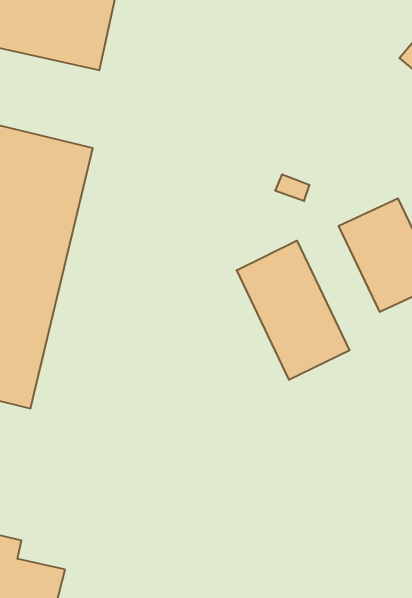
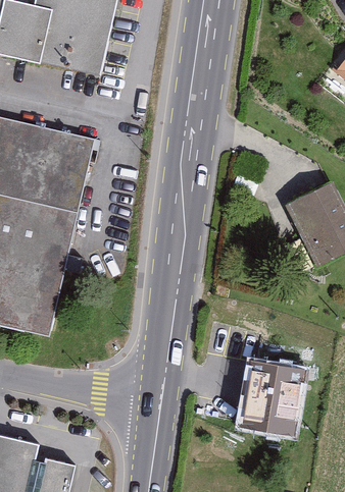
building: [237,241,349,380] -> none
building: none -> [244,365,300,433]

